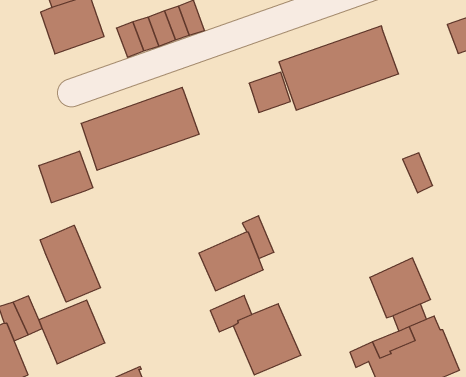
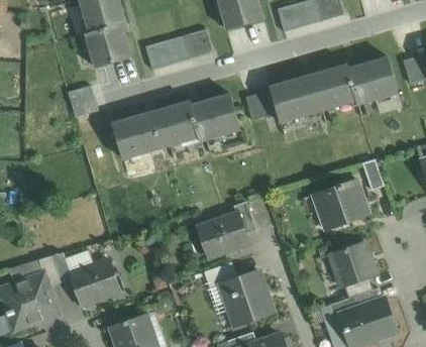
building: none -> [351,52,401,101]
building: none -> [193,90,243,139]
building: none -> [67,87,97,118]
building: [39,151,93,203] -> none
building: none -> [311,181,367,228]
building: [40,225,100,302] -> none

